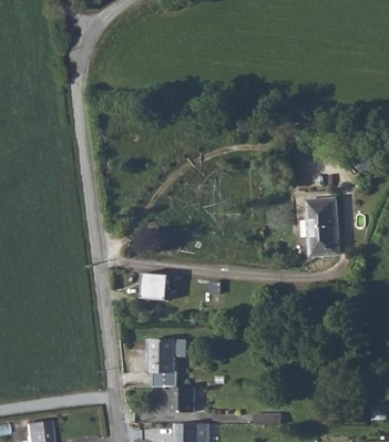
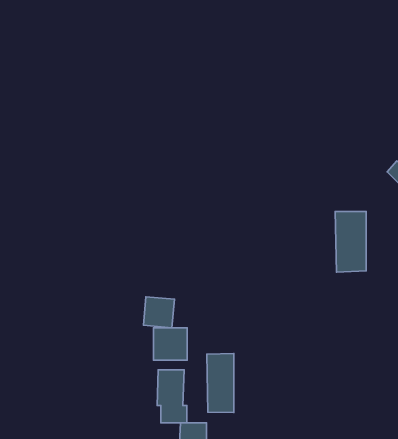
building: none -> [153,328,187,360]
building: none -> [207,354,234,413]

